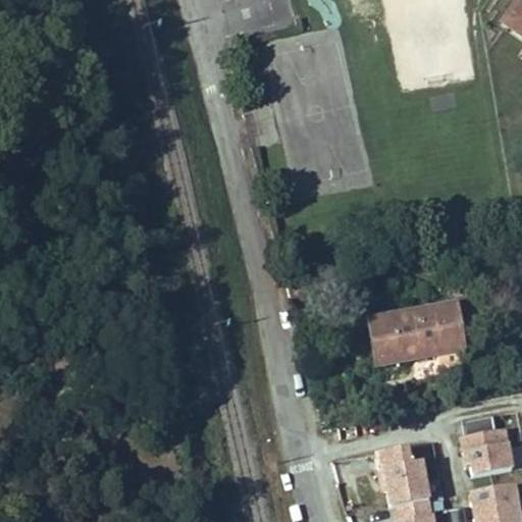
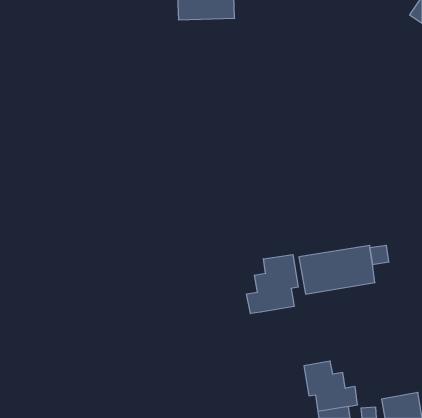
building: none -> [247,255,298,314]
building: [461,412,513,474] -> none

